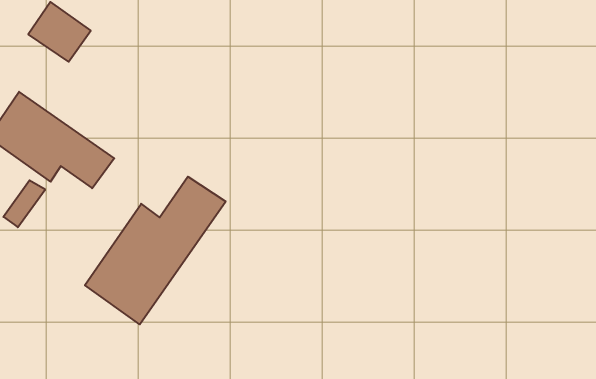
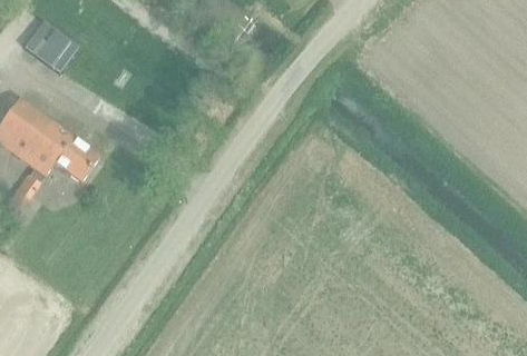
building: [85,177,226,324] -> none

